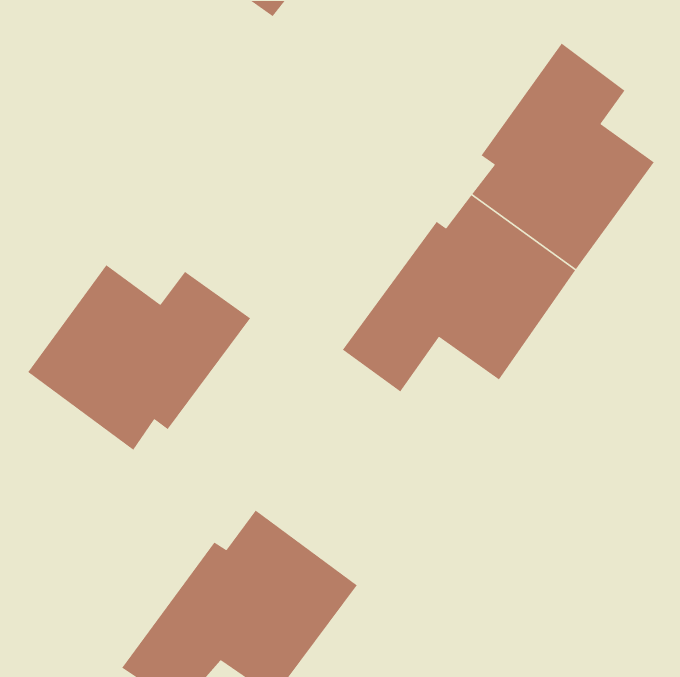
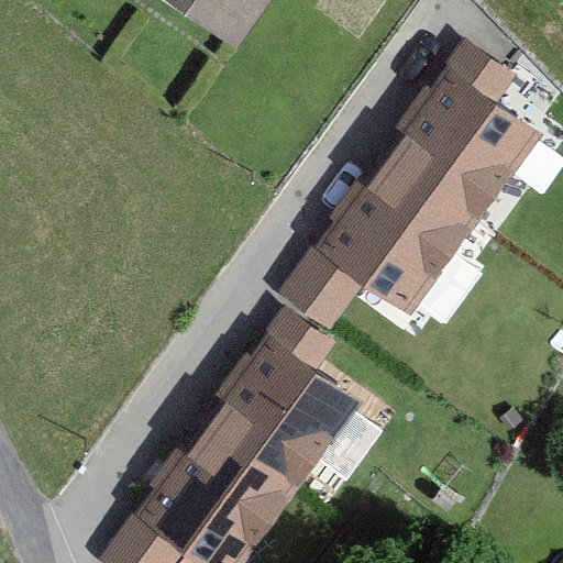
building: [27,264,251,451] -> none
building: none -> [211,305,355,486]

